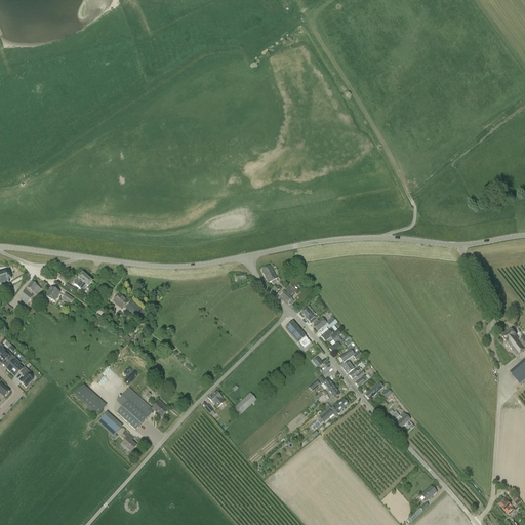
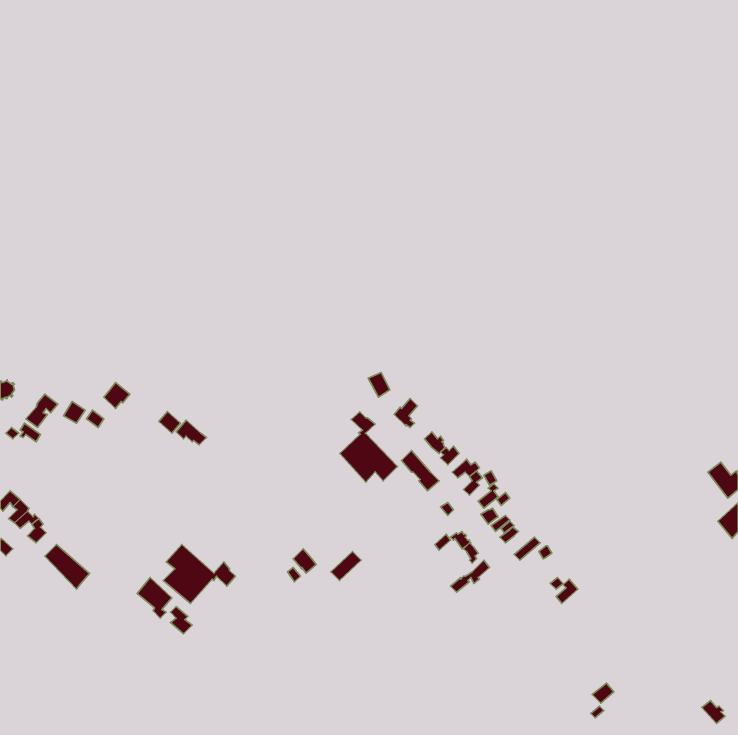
building: none -> [340,412,397,482]
building: [75,382,107,414] -> [45,545,90,589]

